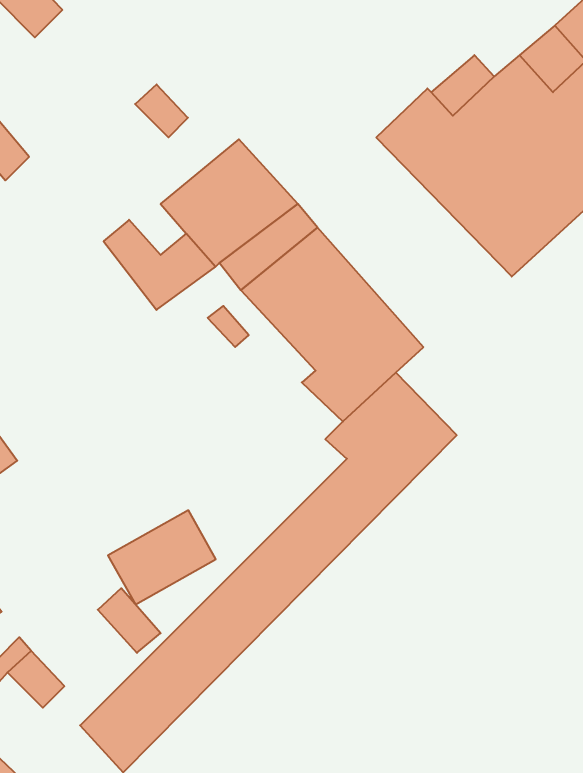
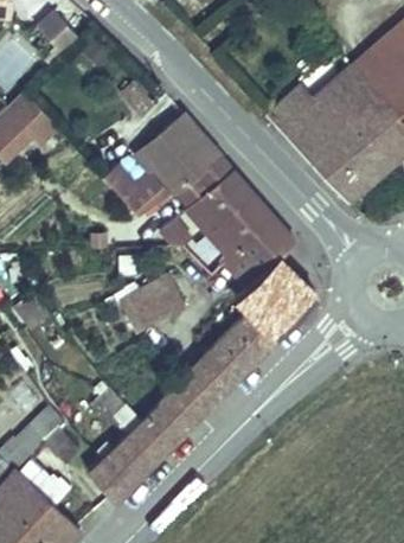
building: [108,510,216,604] -> [120,274,185,331]

